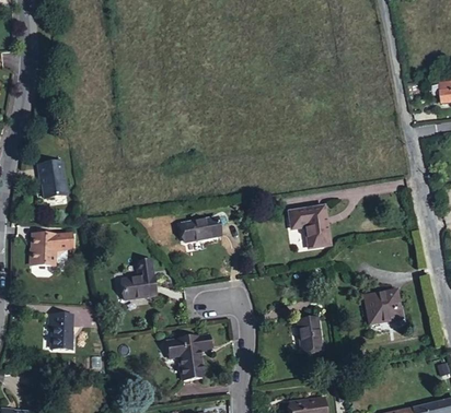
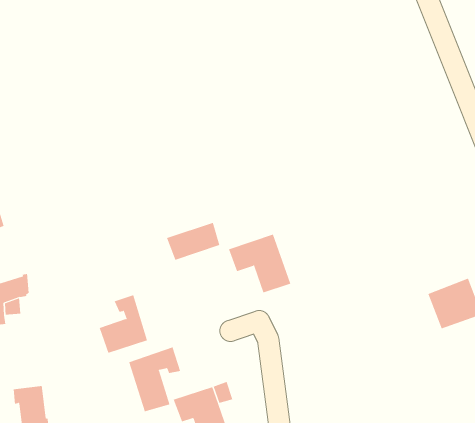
building: [288,205,329,247] -> [228,234,291,293]
building: none -> [128,347,181,412]
building: [296,317,320,351] -> none

